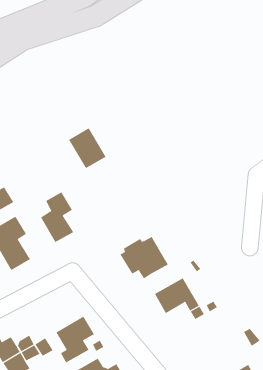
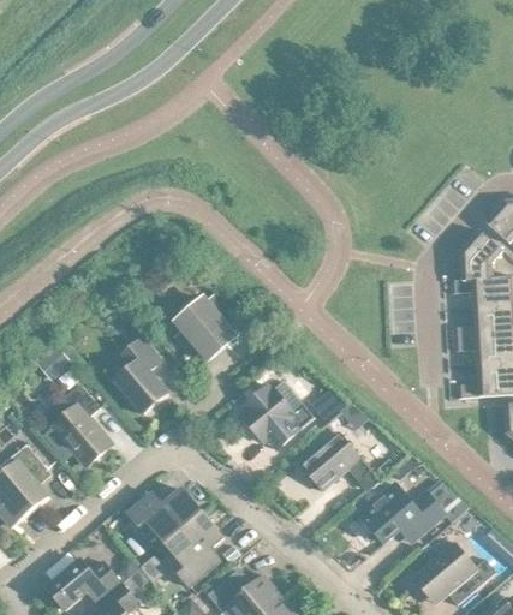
building: [68,128,106,169] -> [175,299,235,360]
building: none -> [127,489,203,545]
building: none -> [359,484,443,543]

